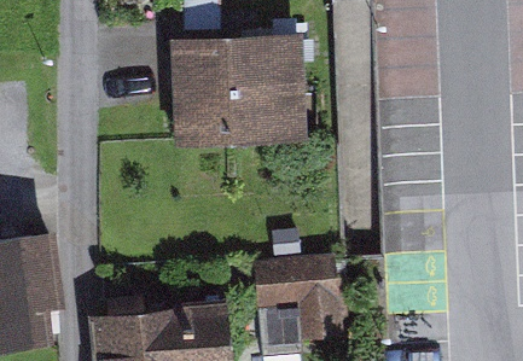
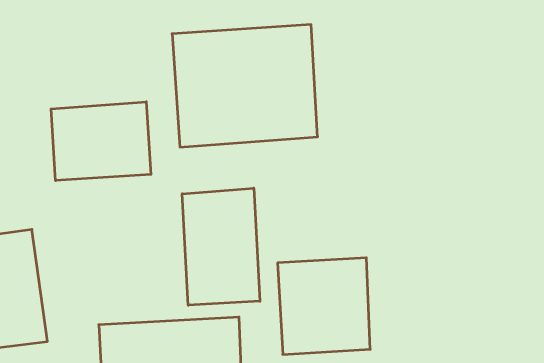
building: none -> [51,102,151,181]
building: none -> [182,188,260,305]

